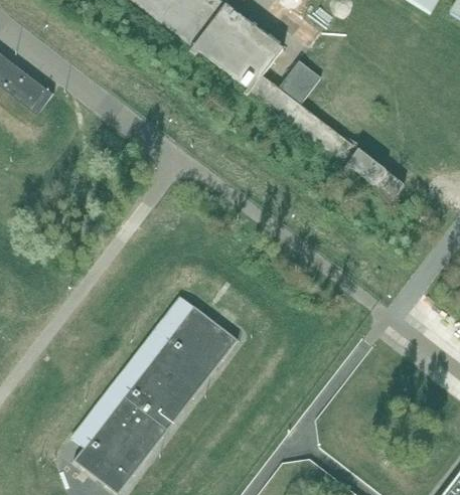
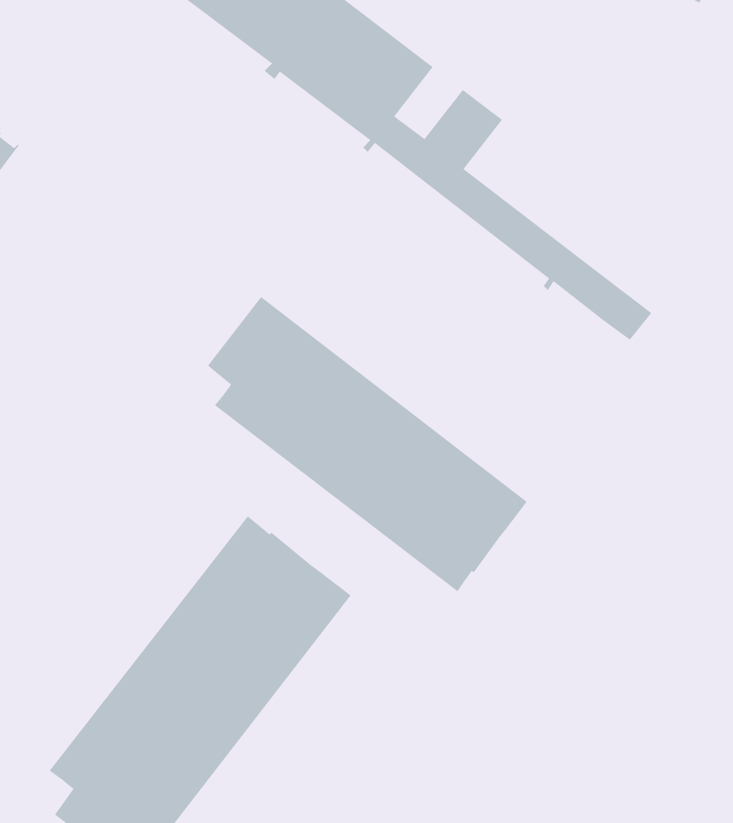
building: none -> [207,296,527,592]

